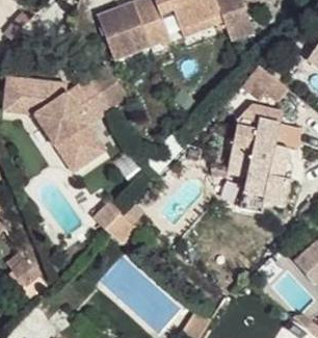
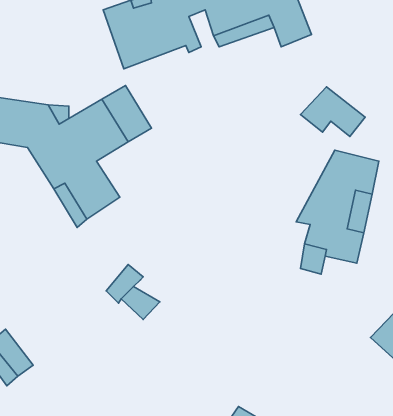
building: [223,114,266,171] -> none

